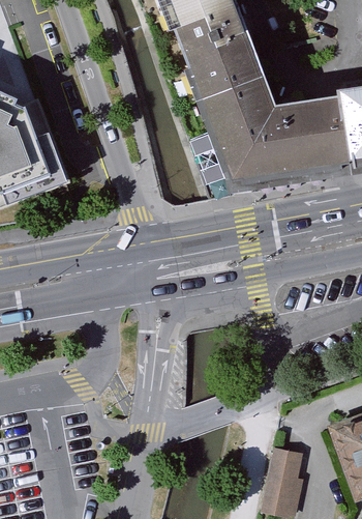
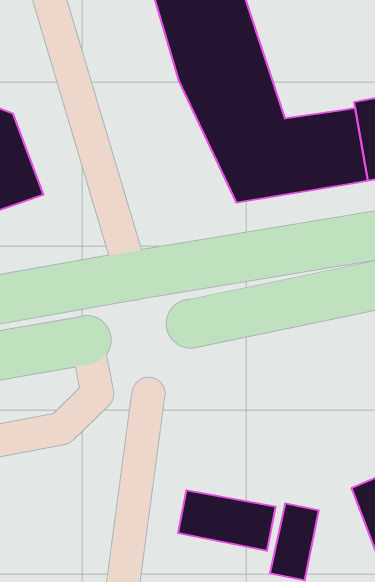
building: none -> [178,490,276,551]

